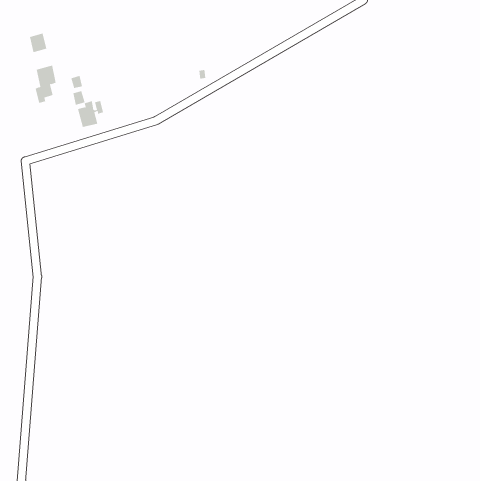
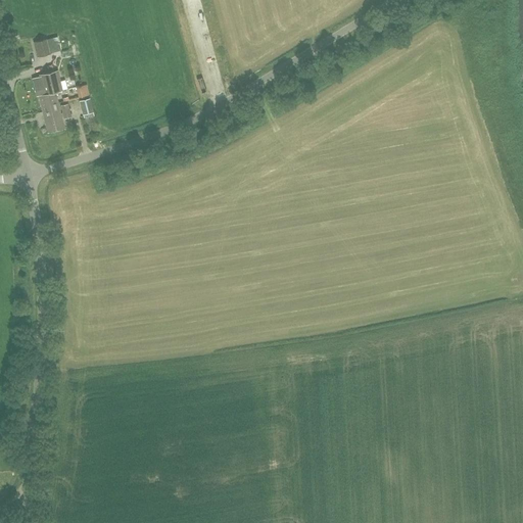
building: [77,100,104,128] -> [42,103,70,133]

